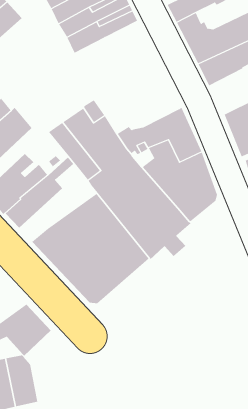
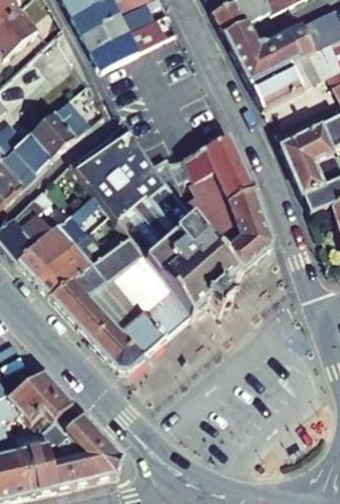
building: none -> [29,81,103,160]
building: none -> [34,229,127,296]
building: none -> [40,403,121,488]

